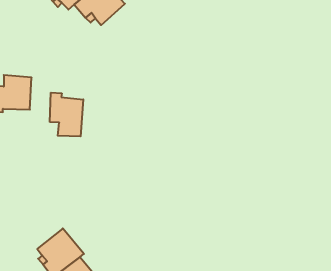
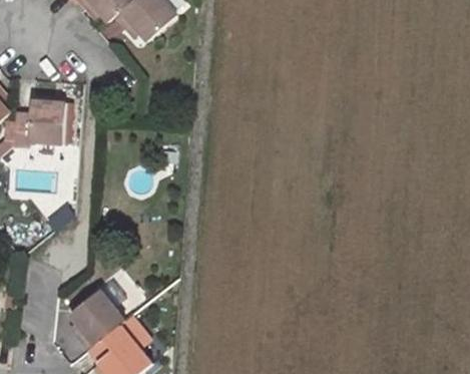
building: [50,93,83,136] -> none

